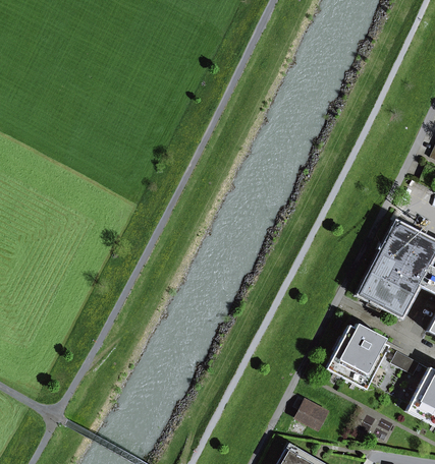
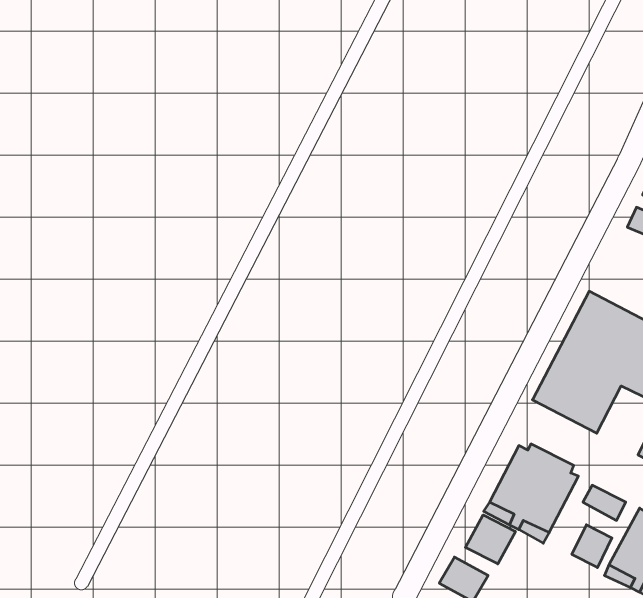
building: none -> [465,515,515,564]
building: none -> [572,525,612,568]

